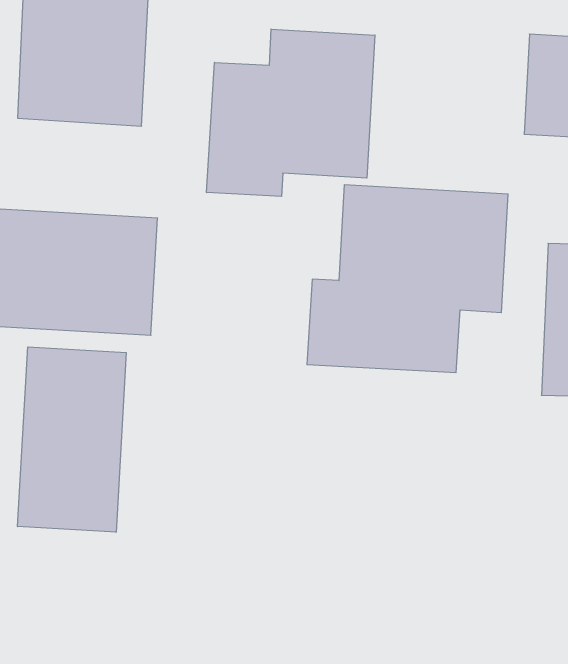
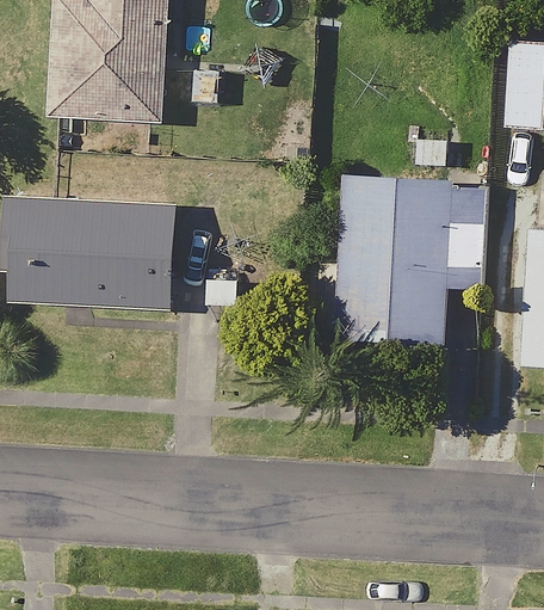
building: [207,29,375,196] -> none
building: [18,347,126,532] -> none

